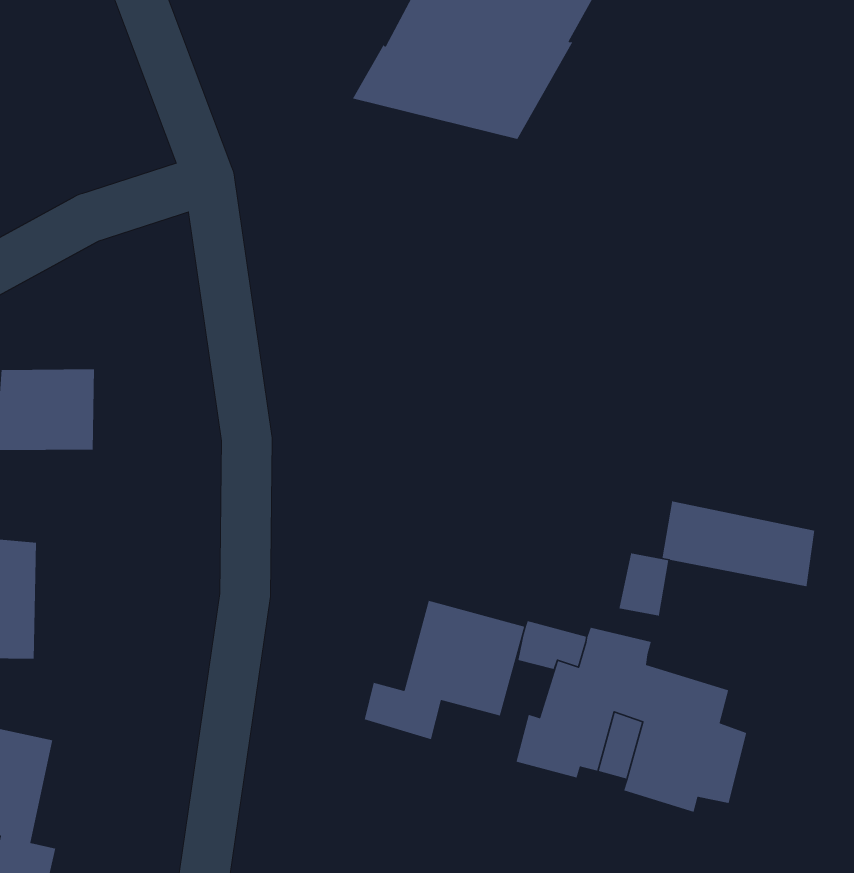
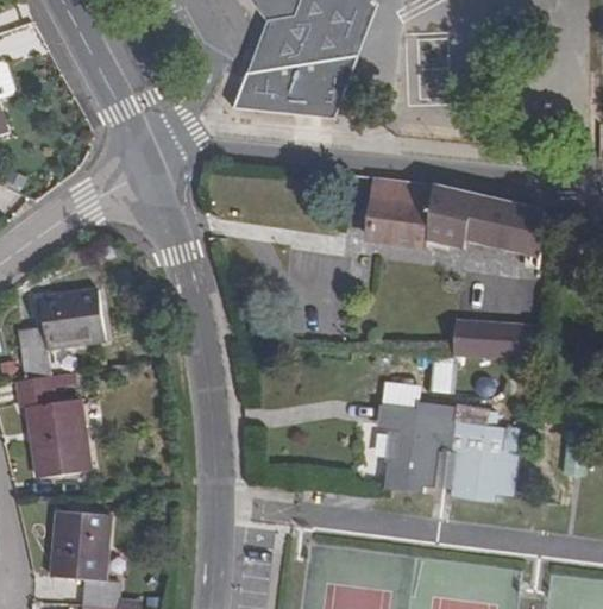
building: none -> [365,176,542,245]
building: [364,600,525,740] -> none

